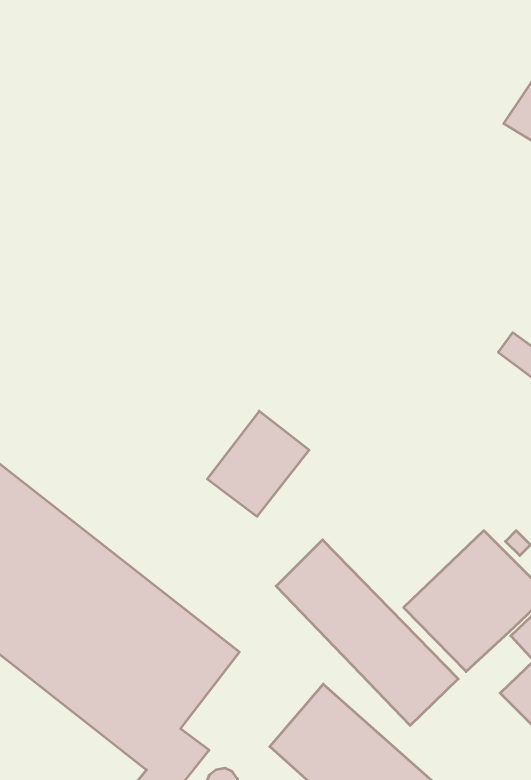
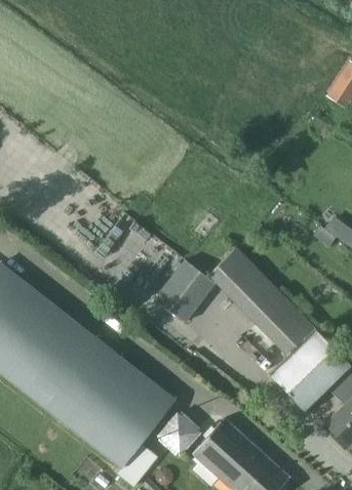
building: [276,540,458,725] -> [209,248,314,355]
building: none -> [158,411,200,453]

